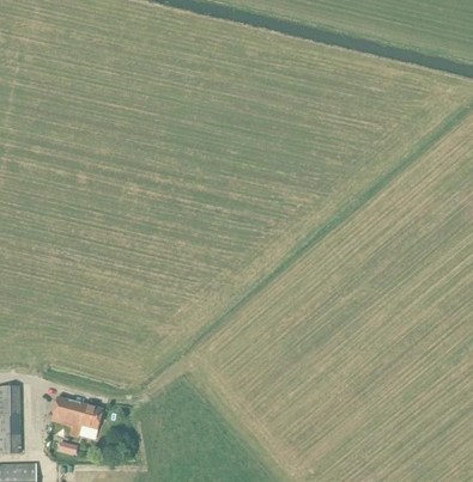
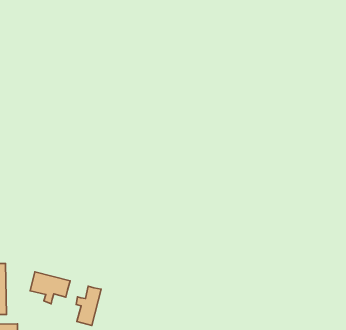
building: none -> [76,286,101,326]

